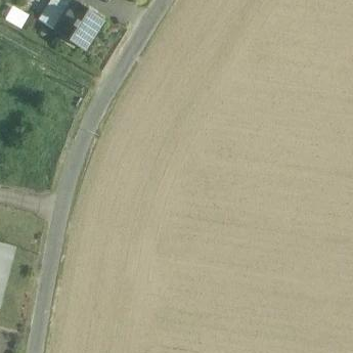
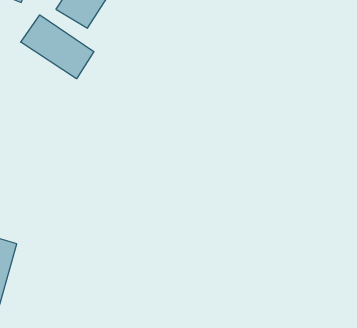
building: none -> [21,15,94,79]

